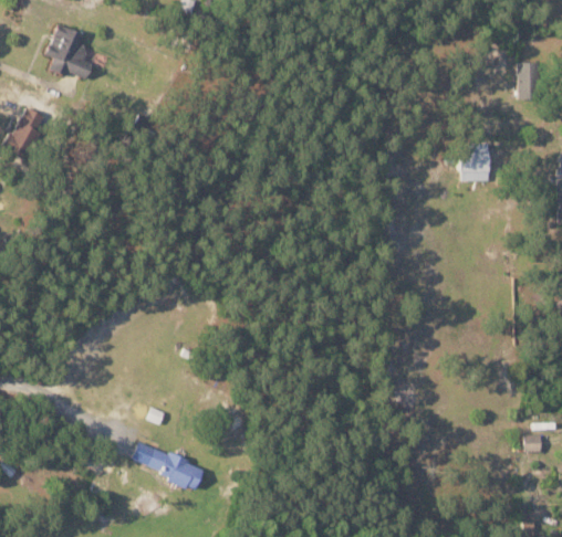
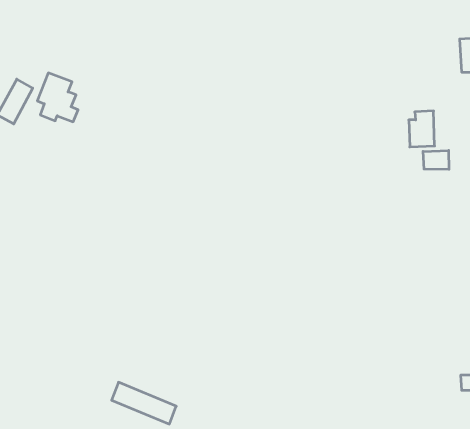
building: [48,23,93,77] -> [37,73,78,122]
building: none -> [423,150,449,169]

